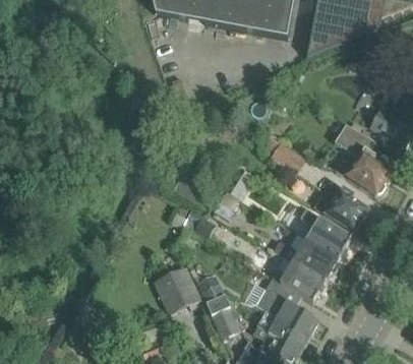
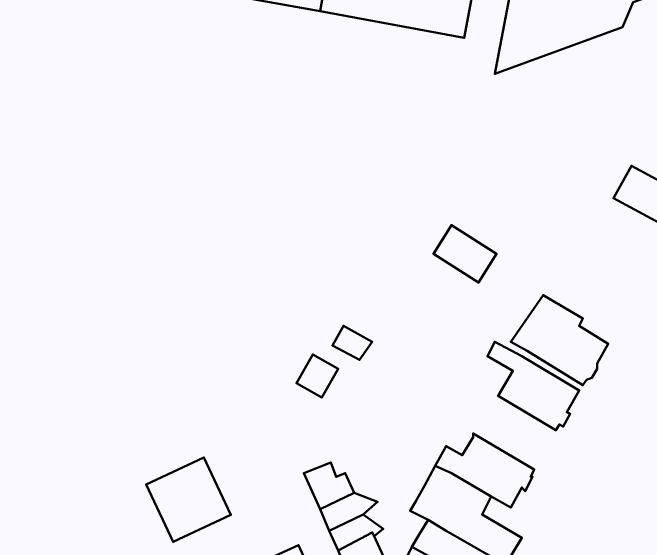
building: [335,123,392,193] -> none
building: [274,232,340,280] -> none
building: [154,265,201,313] -> [146,457,231,542]

